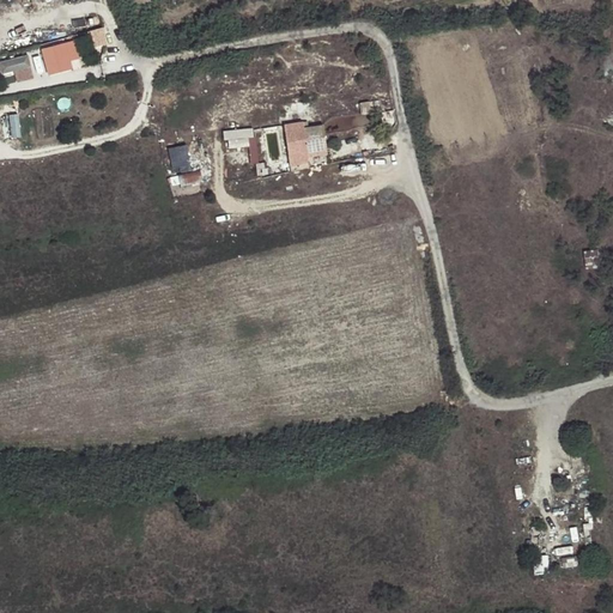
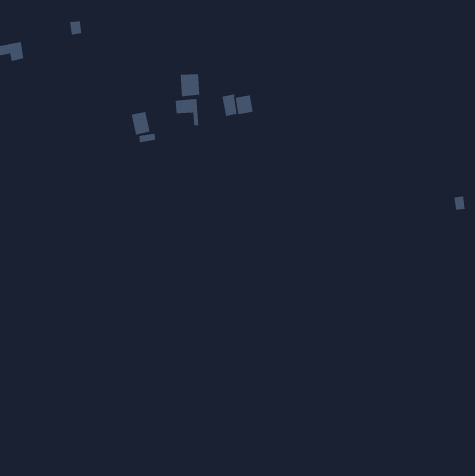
building: [38,40,79,77] -> none
building: none -> [180,73,200,97]

